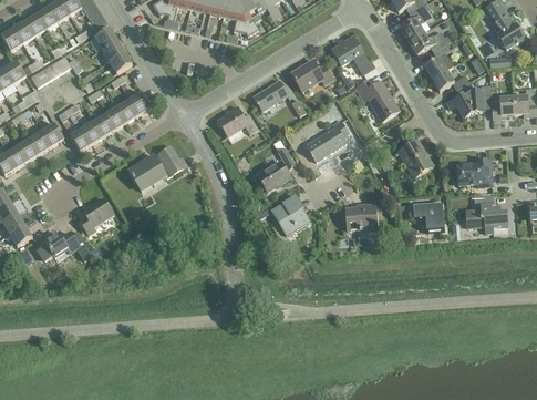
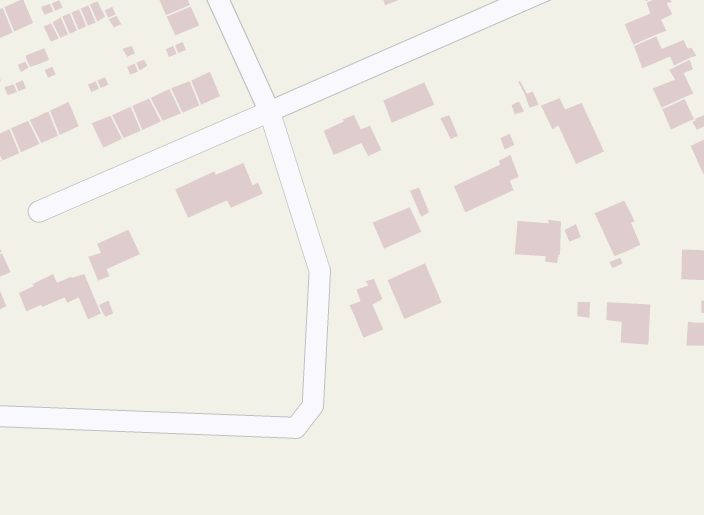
building: [331,35,374,74] -> none
building: [291,60,333,91] -> none
building: [345,204,376,232] -> [514,219,562,264]
building: none -> [348,278,384,339]

